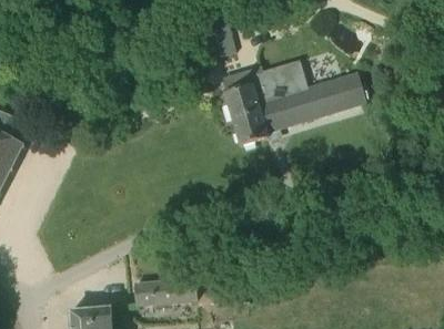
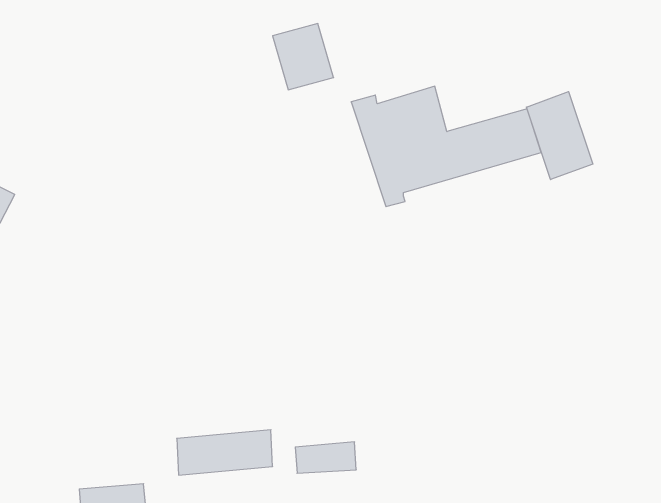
building: none -> [526,92,593,180]
building: [224,69,268,144] -> none

